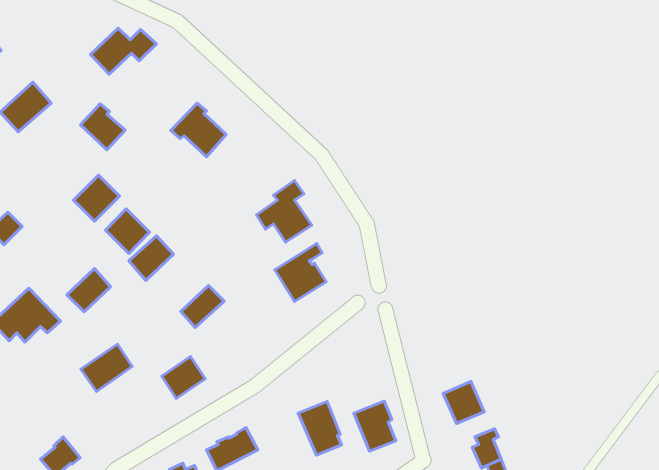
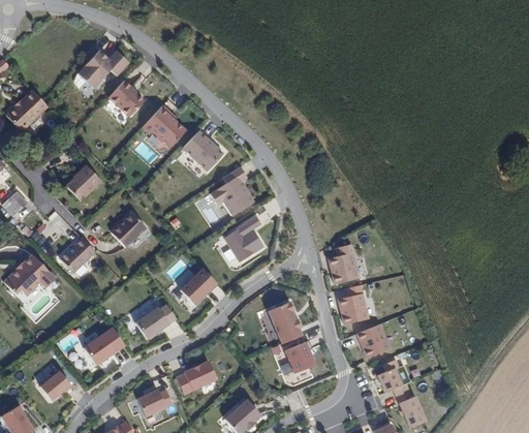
building: [81,104,125,150] -> [112,79,147,115]
building: none -> [183,132,223,171]
building: [105,209,150,254] -> none
building: none -> [328,247,357,285]
building: [181,285,224,327] -> [181,270,215,303]
building: none -> [338,286,368,326]
building: [81,344,132,391] -> [83,328,123,365]
building: [298,401,342,455] -> [270,302,304,344]

